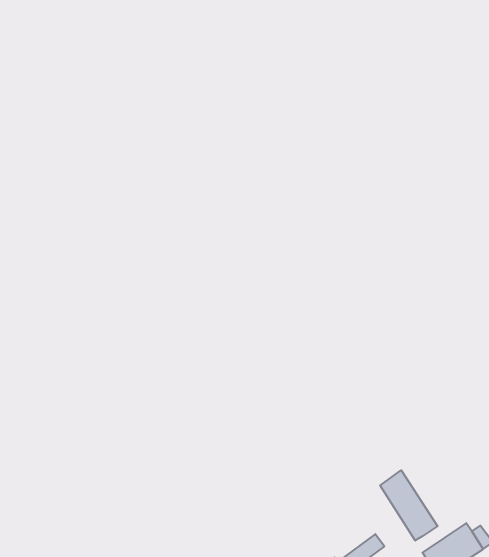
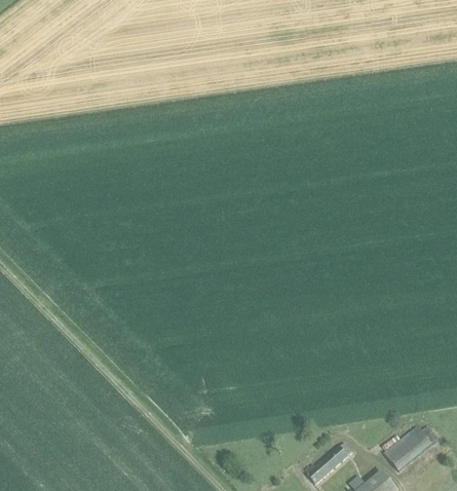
building: [380,470,438,541] -> none

